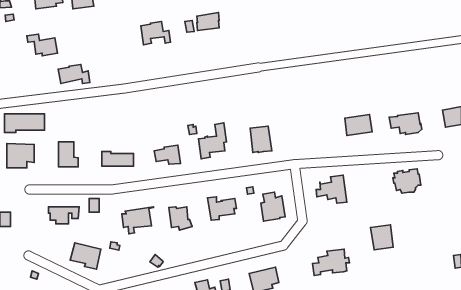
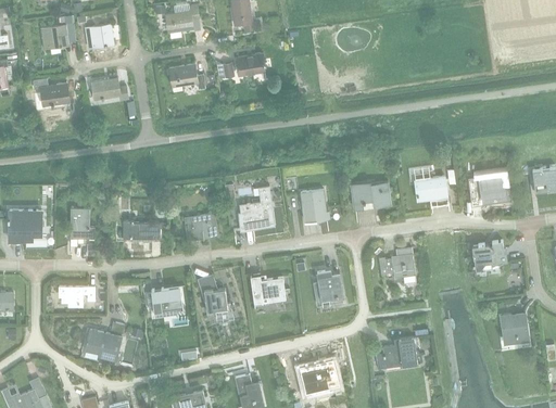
building: [58,64,90,83] -> [90,78,128,101]
building: [4,114,45,132] -> none
building: none -> [351,181,390,209]
building: [371,225,393,250] -> [501,314,528,344]

